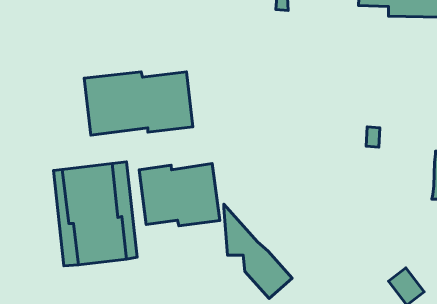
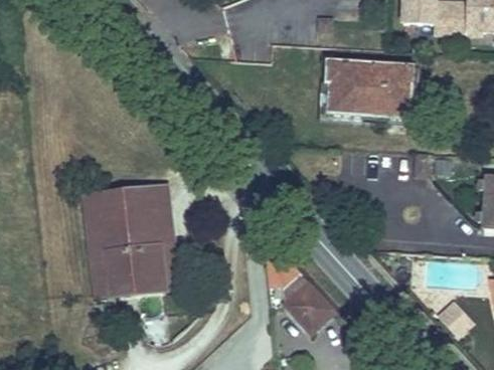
building: none -> [324,57,414,115]
building: [84,72,193,135] -> none
building: [139,163,220,226] -> none

